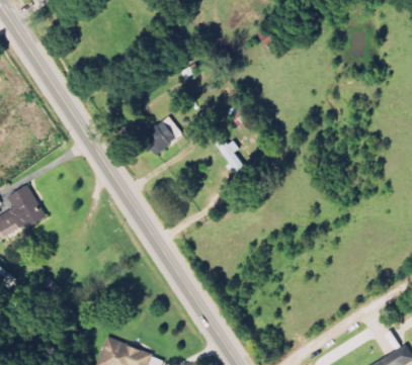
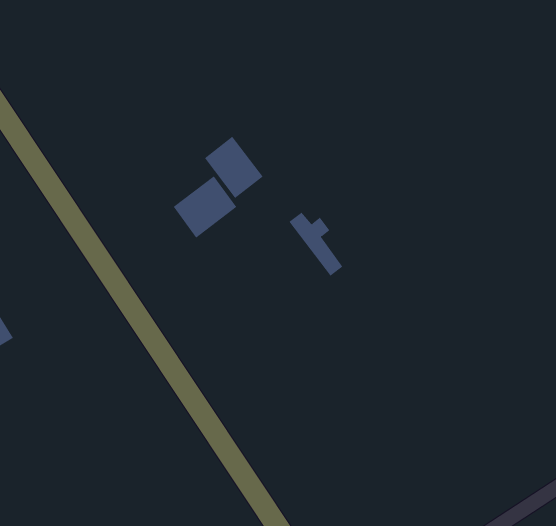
building: none -> [204,136,263,199]

